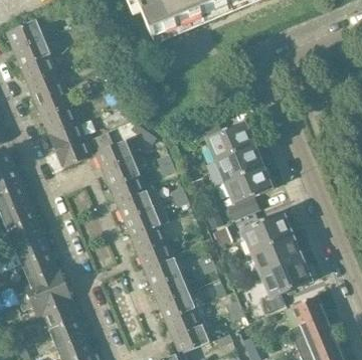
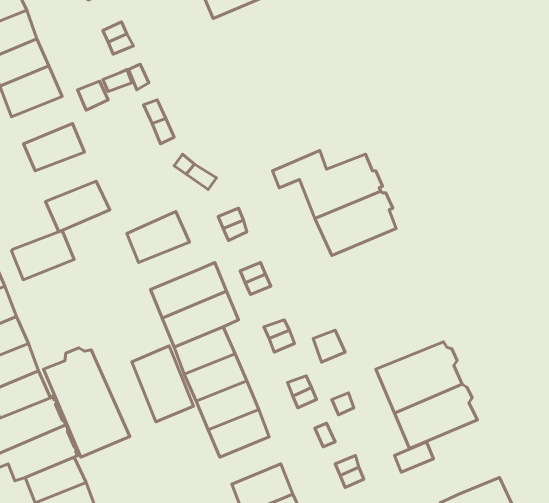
building: [33,87,69,116] -> none
building: [46,121,83,150] -> [11,231,74,280]
building: [95,140,131,169] -> none
building: [223,166,270,220] -> none
building: [109,174,145,202] -> none
building: [240,212,291,249] -> none
building: none -> [132,346,193,422]
building: none -> [44,348,130,457]
building: [157,290,193,318] -> none
building: [291,295,323,324] -> none

